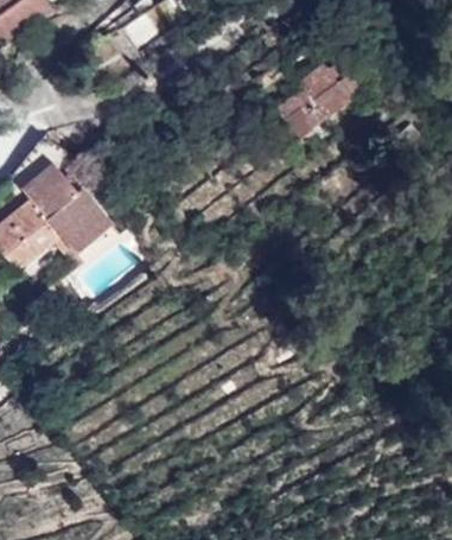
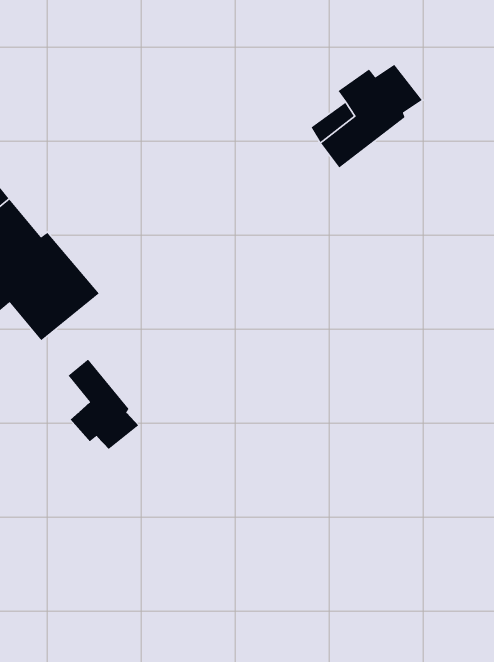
building: none -> [68,358,139,450]

